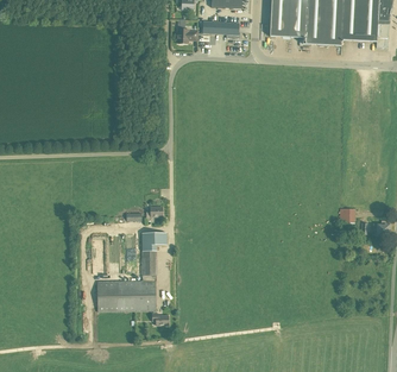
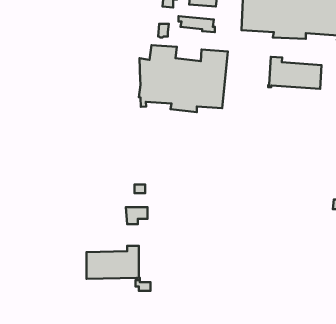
building: none -> [139,45,228,112]
building: none -> [268,57,321,89]

